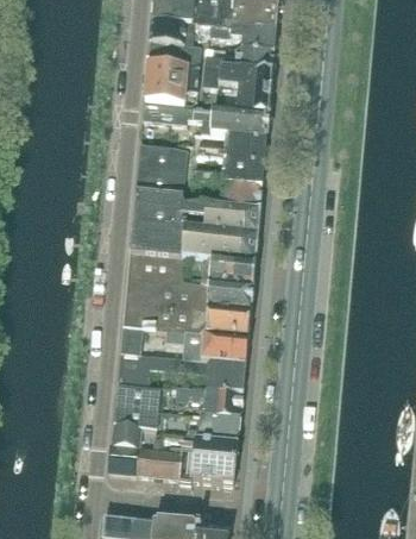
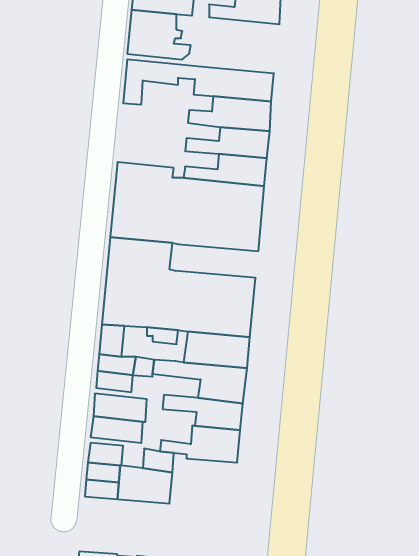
building: [201,65,272,114] -> none
building: [135,144,187,194] -> none
building: [184,258,254,287] -> none
building: [190,439,237,483] -> none

